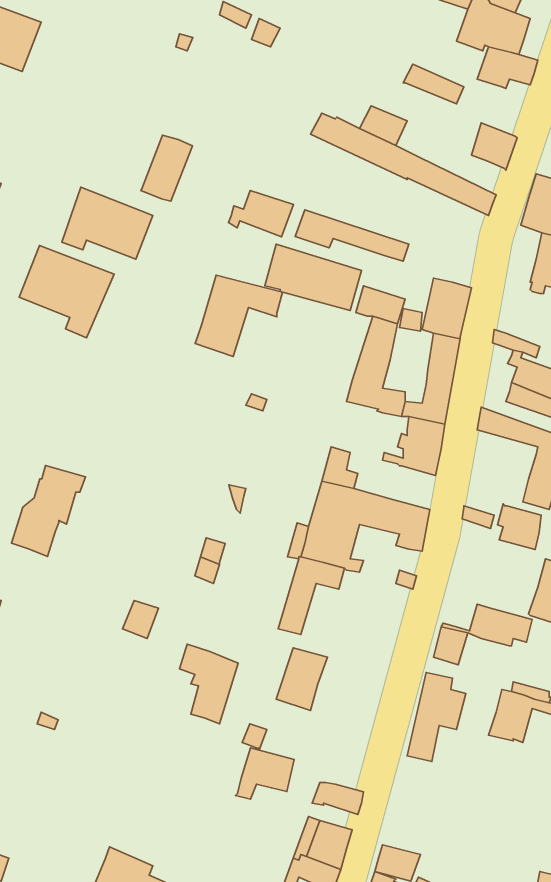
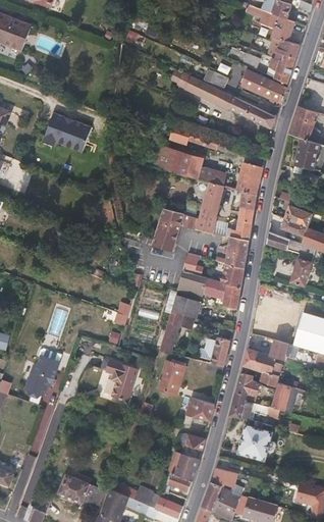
building: none -> [268,55,294,84]
building: none -> [240,68,268,96]
building: [141,135,193,201] -> none
building: [229,190,293,237] -> none
building: [19,245,114,338] -> none
building: [195,275,283,357] -> [152,208,199,252]
building: [11,466,85,557] -> [24,348,64,397]
building: [497,504,541,549] -> [220,262,244,286]
building: none -> [198,336,230,367]
building: none -> [256,353,283,387]
building: [235,748,294,799] -> [182,398,214,425]
building: none -> [237,422,274,460]

